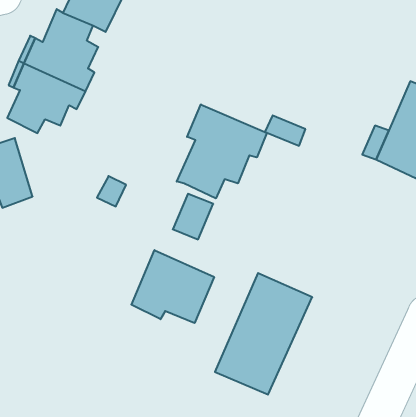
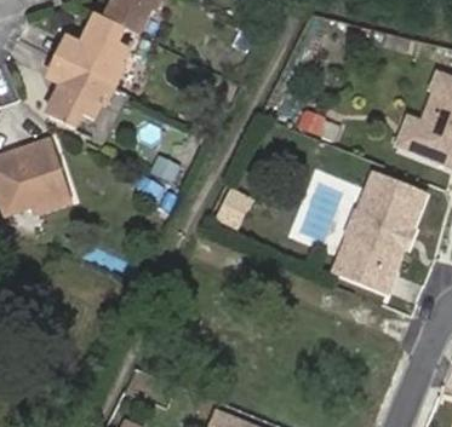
building: [177,104,267,198] -> none
building: [131,250,214,323] -> none
building: [215,273,312,395] -> [327,175,420,292]

